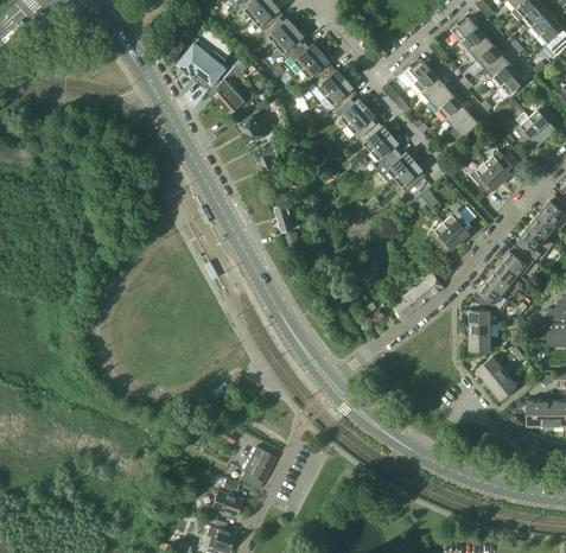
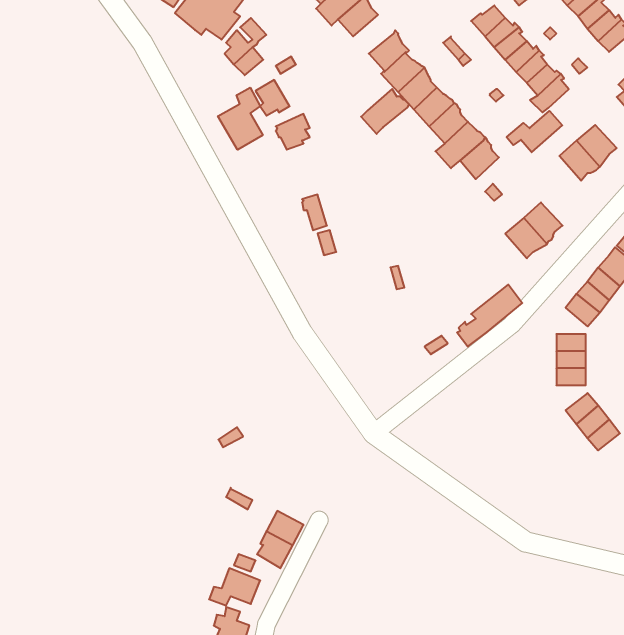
building: [310,68,346,102] -> [361,89,409,134]
building: none -> [218,88,263,150]
building: none -> [507,111,562,152]

